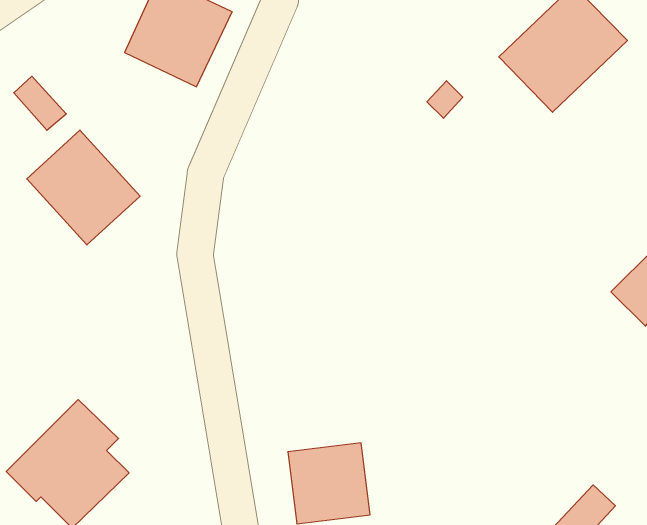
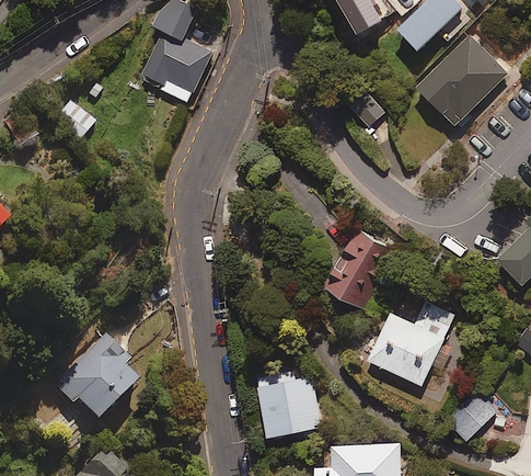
building: [27,130,140,245] -> none
building: none -> [331,233,399,313]
building: none -> [368,292,454,390]

